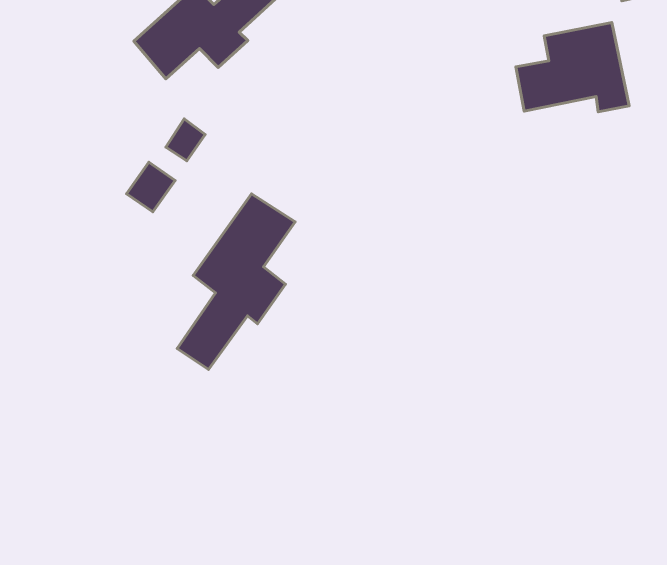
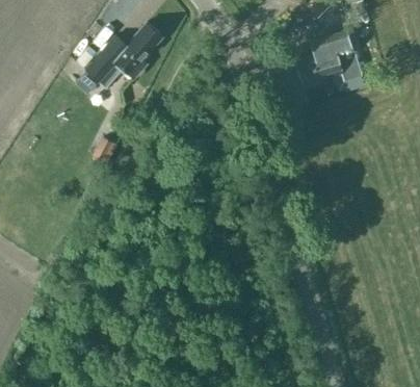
building: [177,194,295,370] -> none

